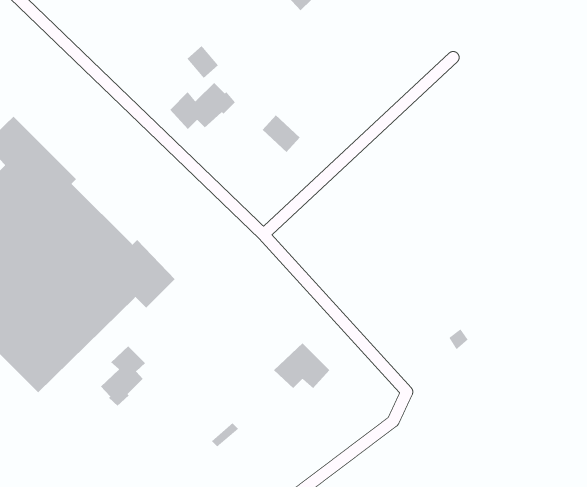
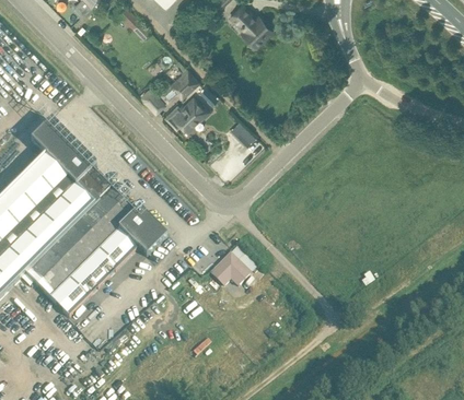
building: [273,343,330,389] -> [208,252,248,285]
building: [100,346,146,407] -> none

